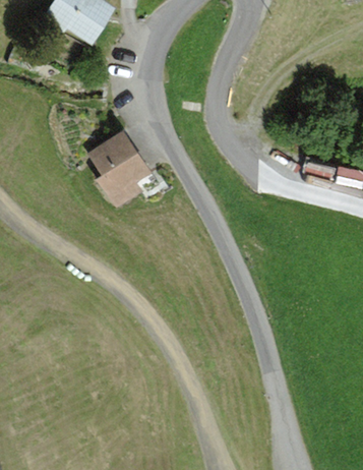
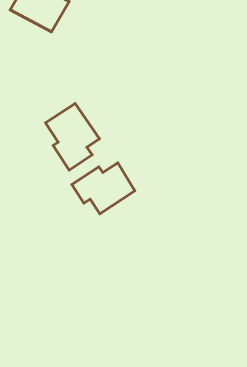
building: none -> [72,163,135,214]

